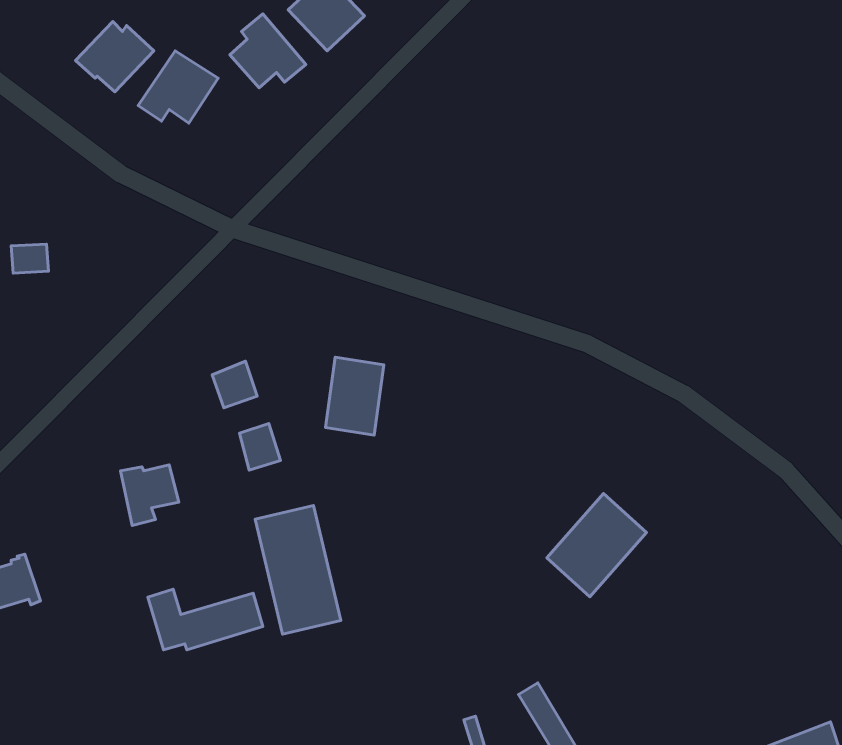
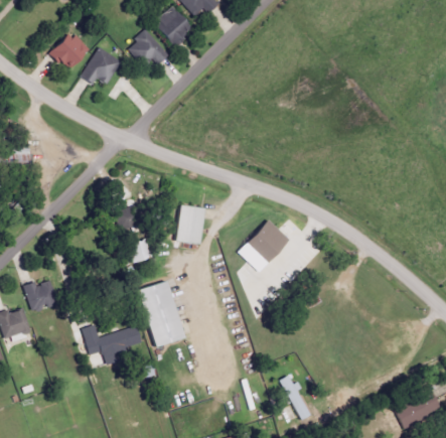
building: [120,465,179,525] -> [26,282,56,313]
building: [547,493,646,597] -> [239,220,290,273]

